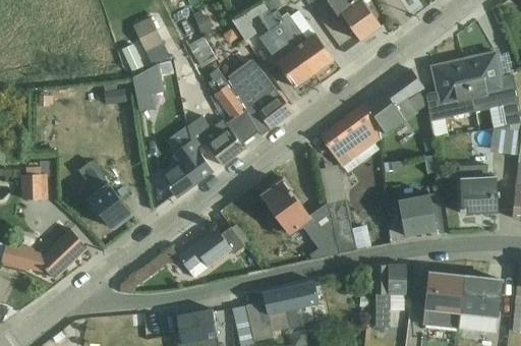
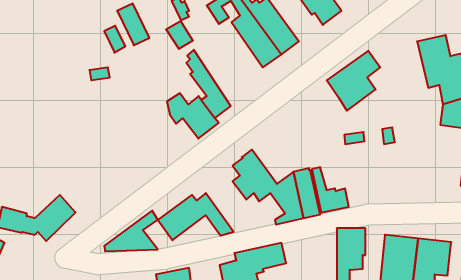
building: [228,59,293,129] -> none
building: [426,59,476,139] -> none
building: [132,63,166,112] -> none
building: [320,102,381,172] -> none
building: [161,125,214,197] -> none
building: [79,153,132,228] -> none
building: [21,161,53,198] -> none
building: [459,164,499,213] -> none
building: [398,193,437,236] -> none

